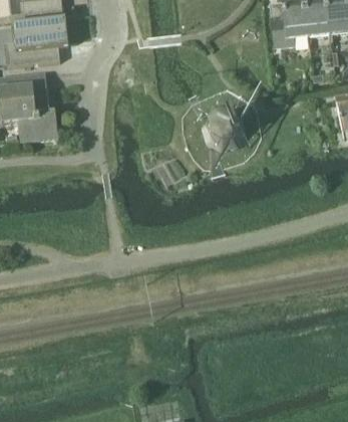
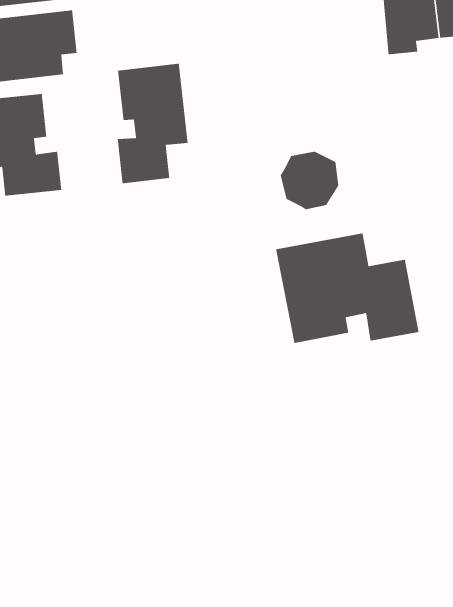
building: none -> [117,63,188,184]
building: none -> [275,232,420,344]

